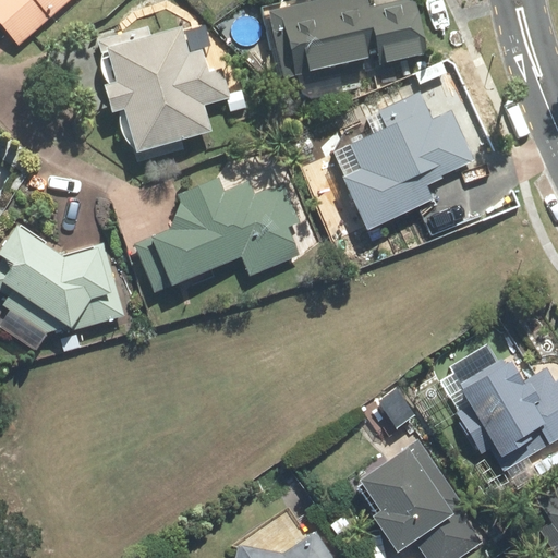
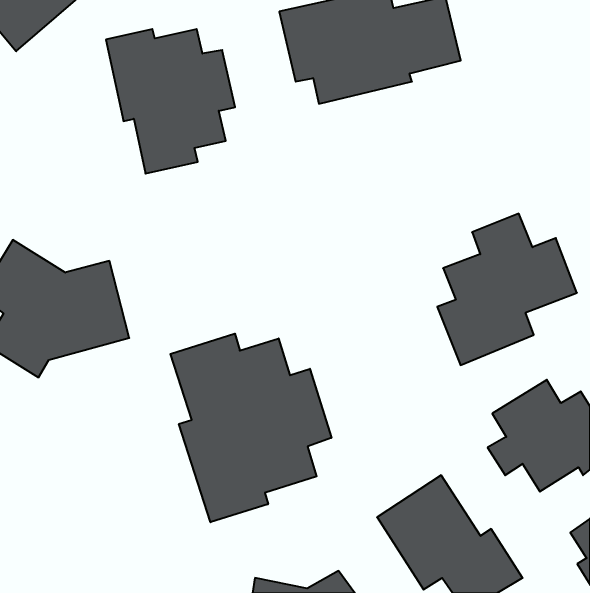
building: [342,89,473,231] -> [437,214,577,365]
building: [134,157,305,289] -> none
building: none -> [170,334,331,522]

